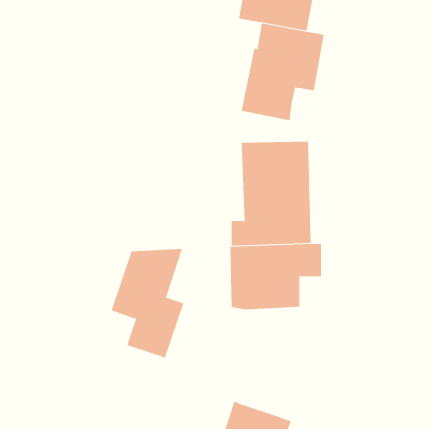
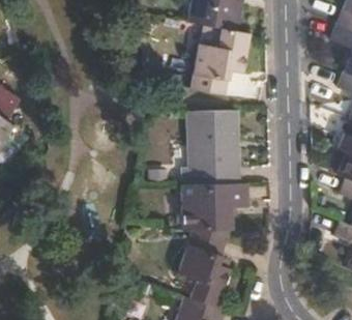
building: [111,248,184,358] -> [178,228,231,307]

